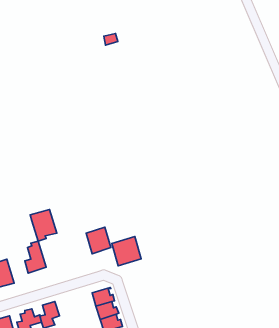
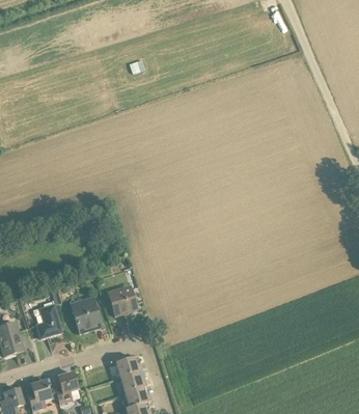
building: [30,209,57,241] -> [70,296,101,333]
building: [112,236,141,266] -> none

